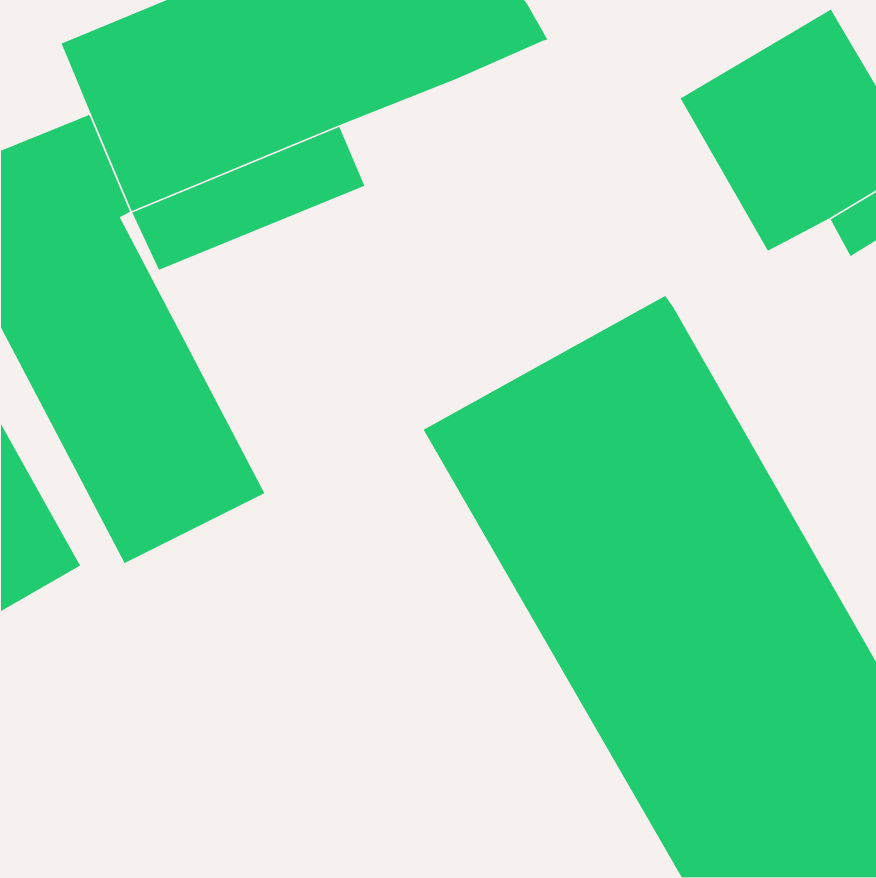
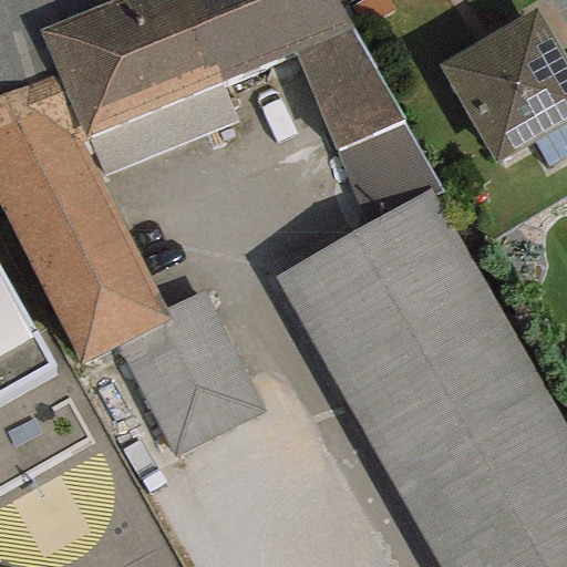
building: none -> [297,27,444,225]
building: none -> [120,332,265,468]

